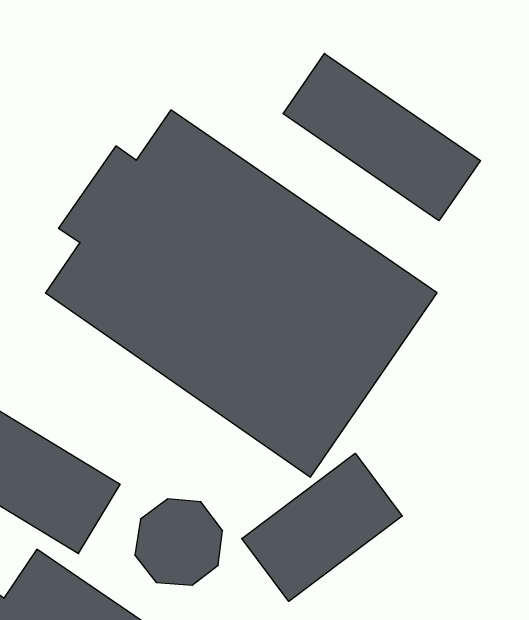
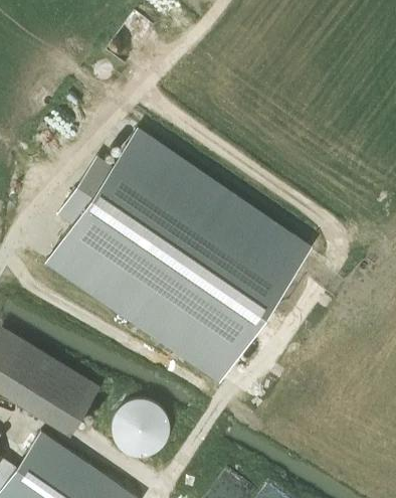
building: [283,53,480,221] -> none
building: [242,453,402,601] -> none

